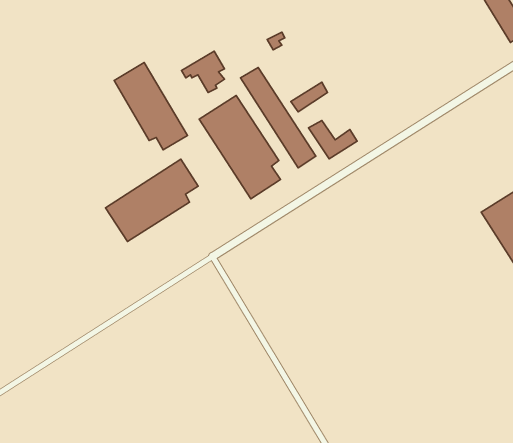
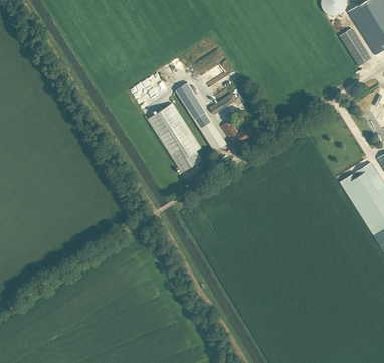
building: [114,62,187,150] -> none
building: [106,159,198,241] -> none

